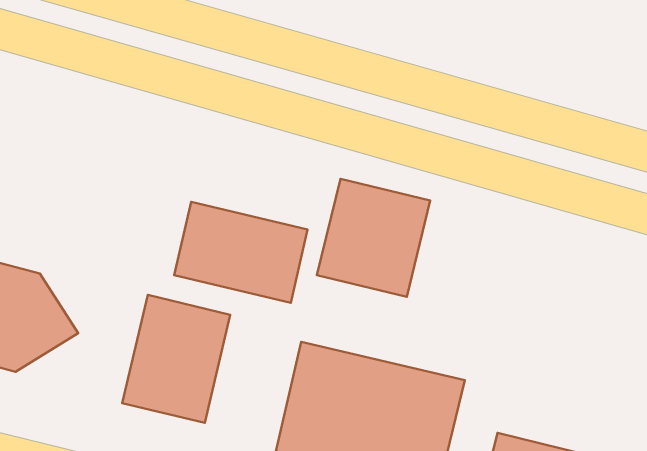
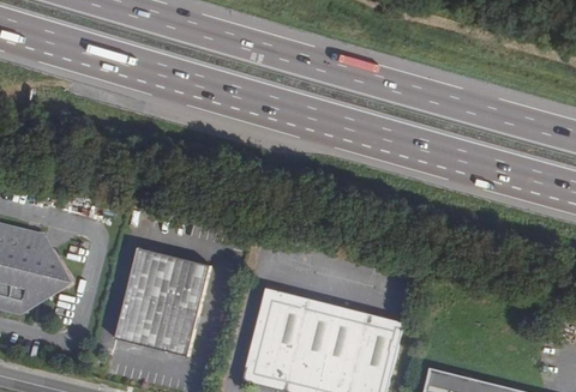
building: [317,179,430,297] -> none
building: [174,202,308,303] -> none

